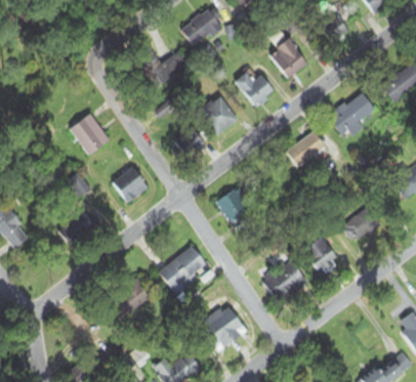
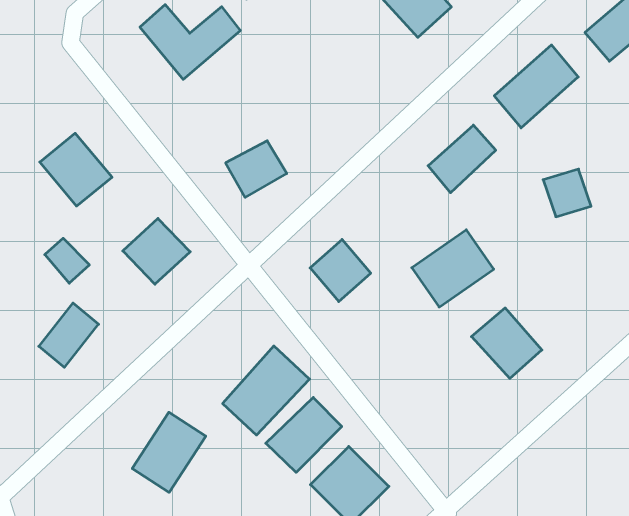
building: [235,73,276,107] -> none
building: [198,95,239,136] -> none
building: [344,214,370,240] -> [543,169,591,217]
building: [261,259,307,301] -> [412,230,494,307]
building: none -> [266,397,342,472]

